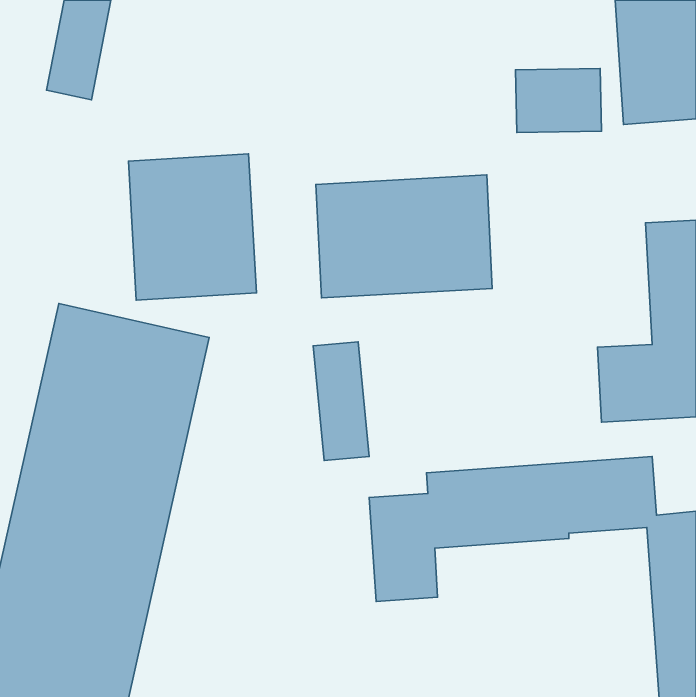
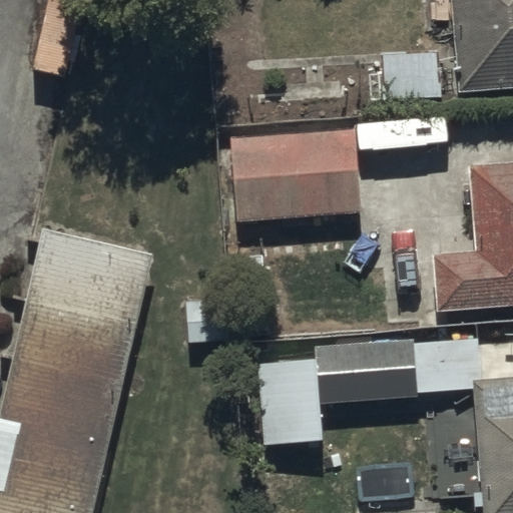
building: [129,154,256,300] -> none

